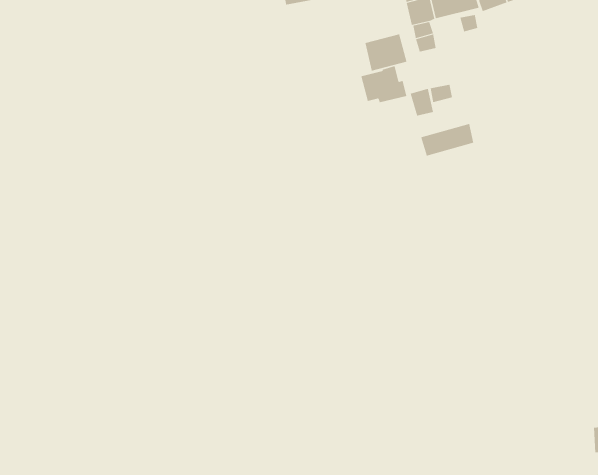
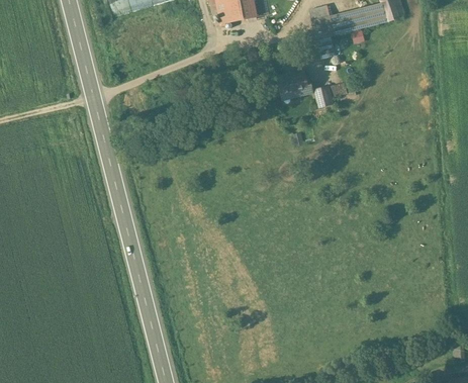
building: [365,34,407,72] -> none
building: [421,123,474,157] -> none

